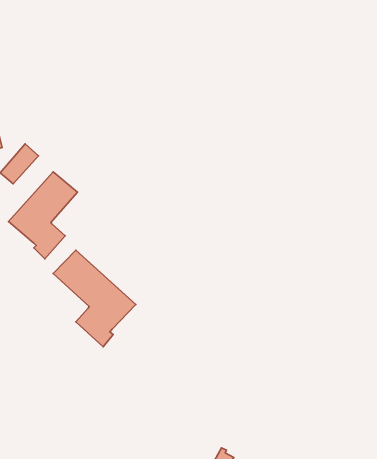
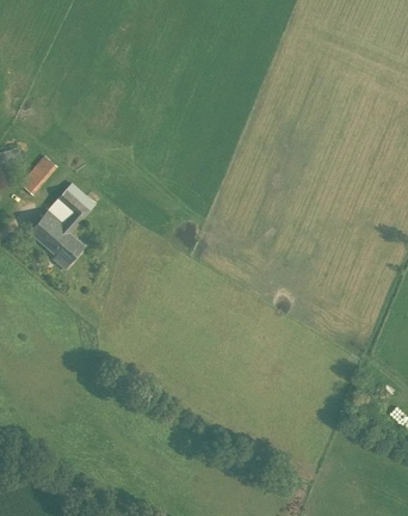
building: [53,250,136,347] -> none

